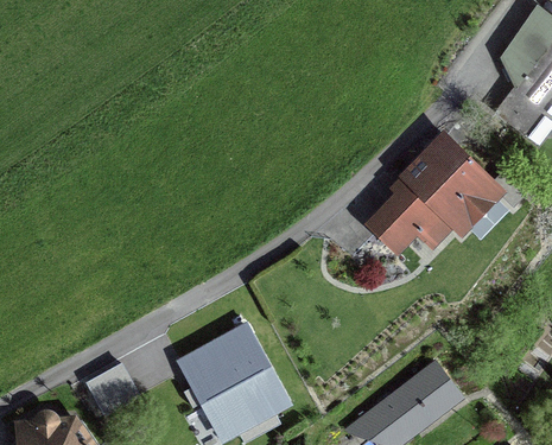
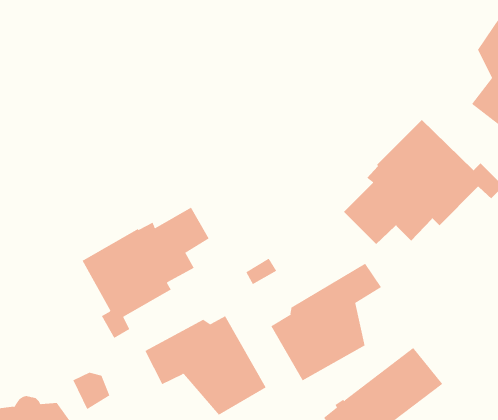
building: none -> [82,207,210,339]
building: none -> [271,263,382,381]

